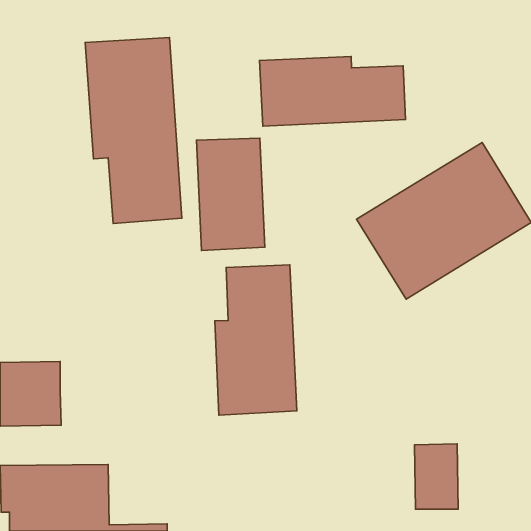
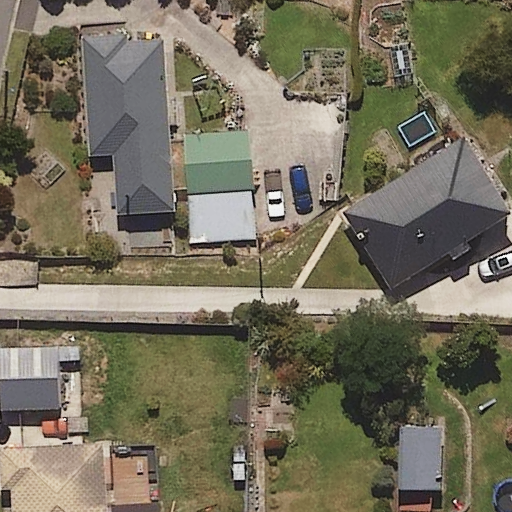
building: [259,57,405,126] -> none
building: [215,265,297,415] -> none

